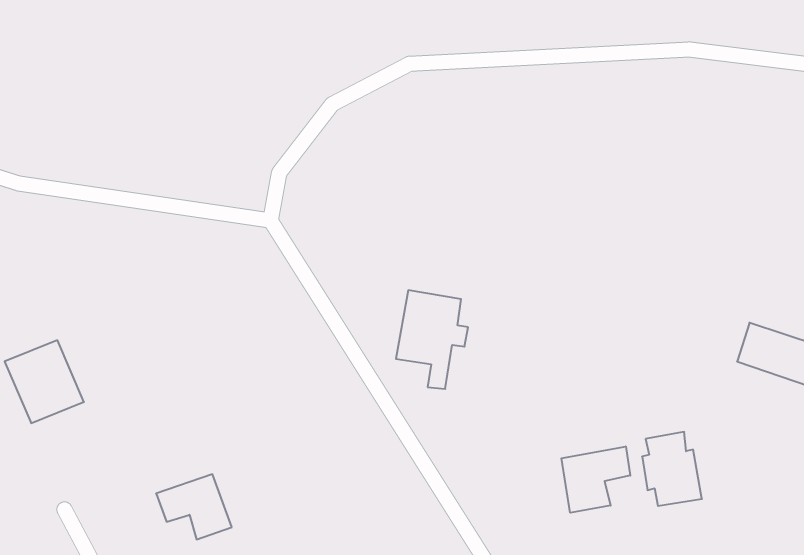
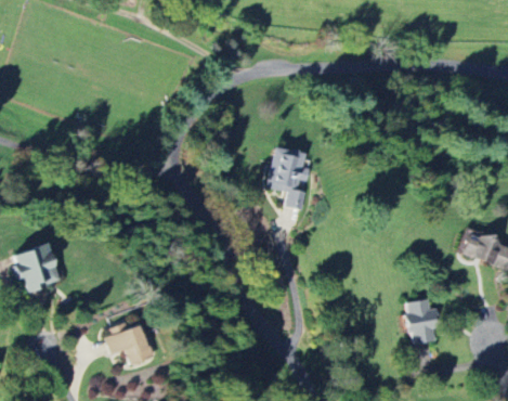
building: [396,290,468,389] -> [266,146,311,207]
building: [561,446,630,513] -> none

